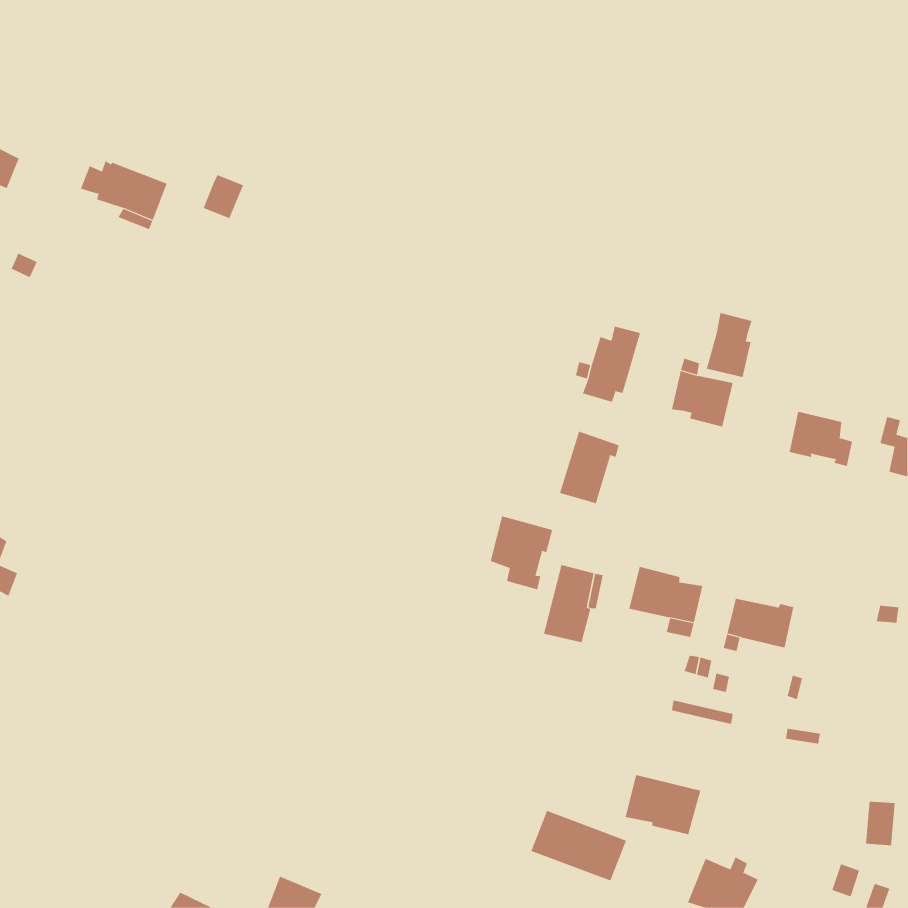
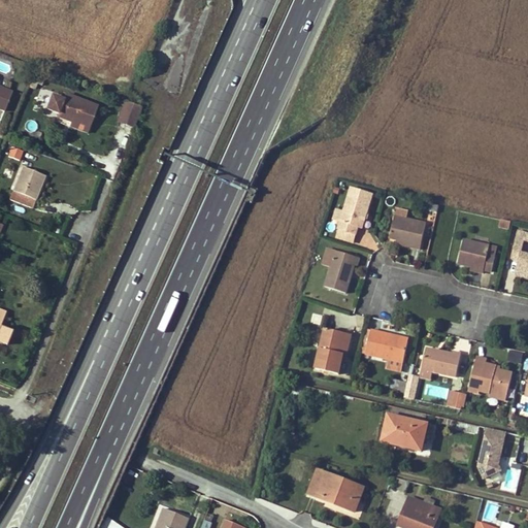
building: none -> [8,167,45,208]
building: [706,312,752,378] -> none
building: [490,515,553,590] -> none
building: none -> [467,355,512,396]
building: none -> [477,427,504,475]
building: [625,774,701,835] -> [383,414,427,449]

